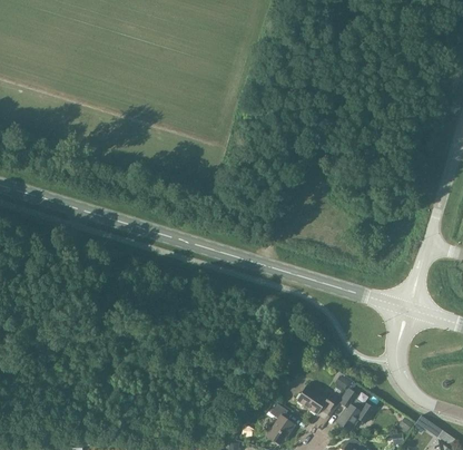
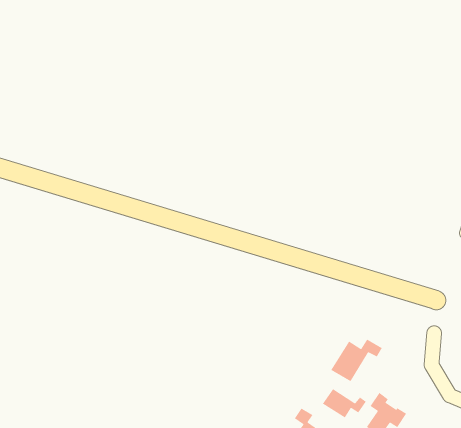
building: none -> [330,339,383,382]

